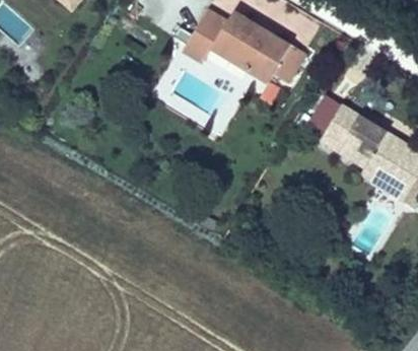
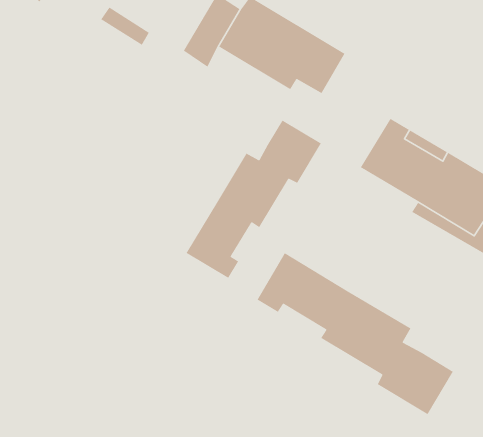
building: none -> [186,119,322,279]
building: none -> [256,252,454,415]

